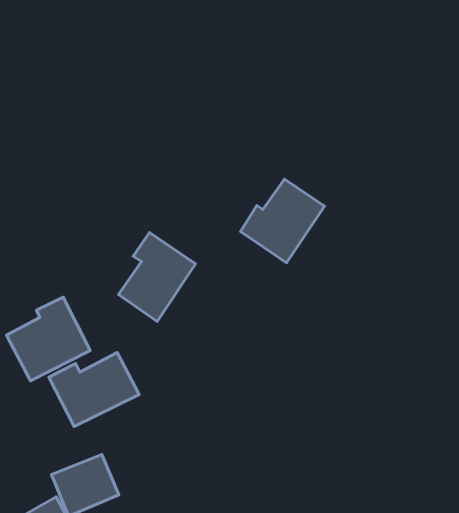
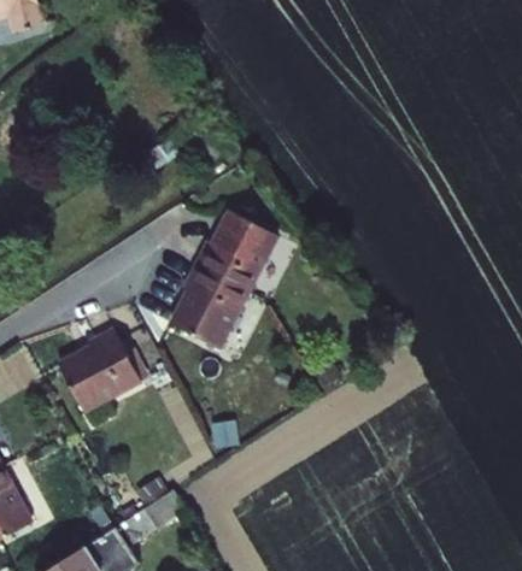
building: [241,179,324,263] -> [195,204,276,286]
building: [49,353,139,427] -> none

